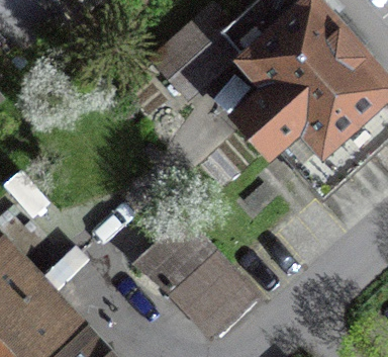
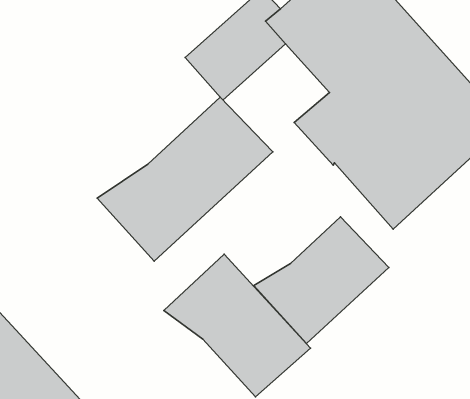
building: none -> [97,97,273,261]
building: none -> [254,217,389,343]

